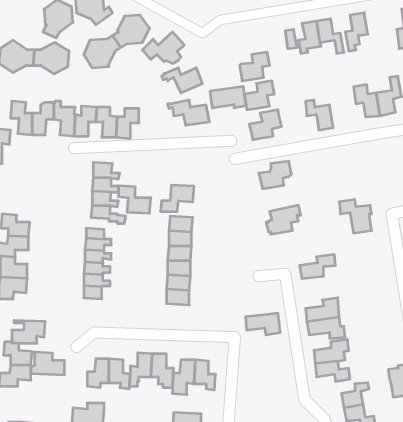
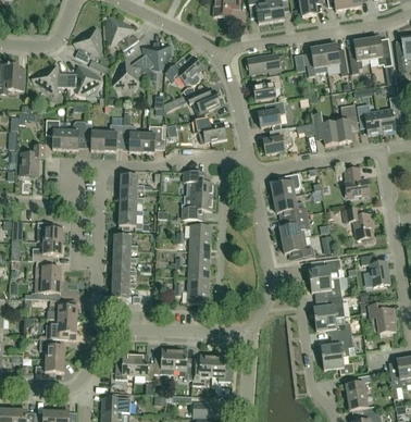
building: none -> [366,36,393,65]
building: none -> [335,103,358,142]
building: [210,86,246,108] -> [247,53,279,73]
building: none -> [345,167,369,197]
building: none -> [274,195,306,219]
building: [118,186,151,213] -> [184,171,213,196]
building: none -> [282,236,315,258]
building: none -> [360,253,389,285]
building: none -> [369,302,396,333]
building: [245,313,280,335] -> [310,276,341,296]
building: [31,352,65,375] -> [47,298,77,319]

